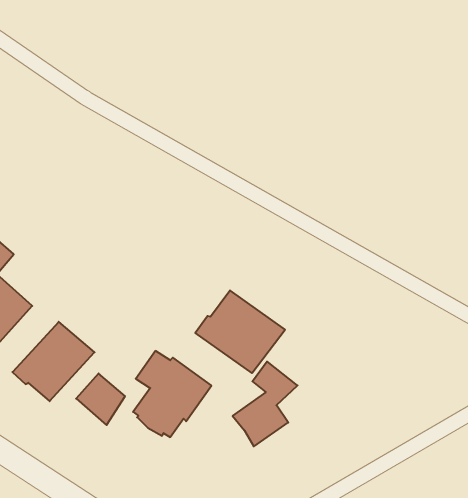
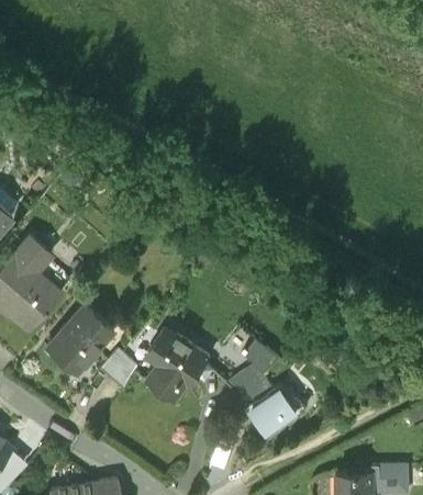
building: [195,290,285,373] -> none
building: none -> [245,384,308,438]

